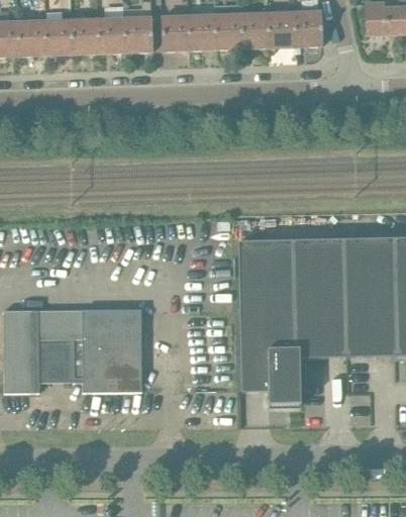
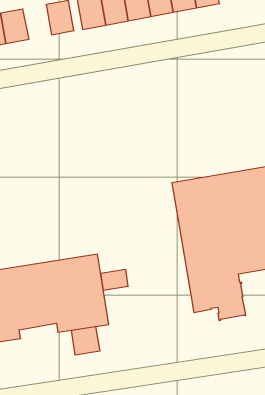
building: [98,17,126,54] -> none
building: none -> [101,269,128,291]
building: none -> [71,326,100,355]

